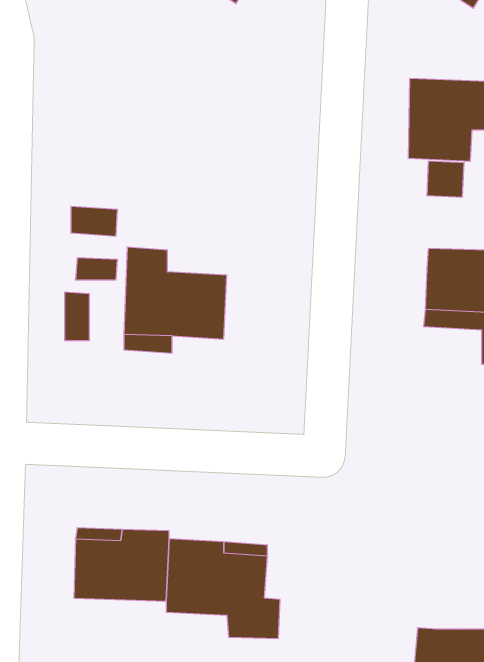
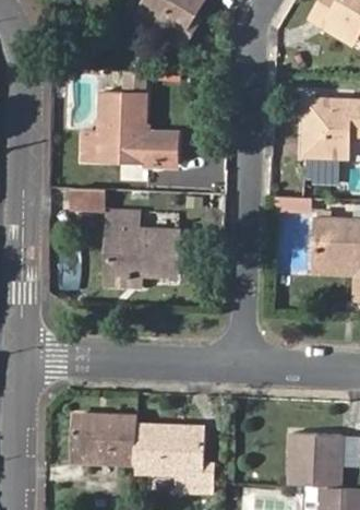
building: none -> [81,97,173,169]
building: none -> [289,428,341,484]

